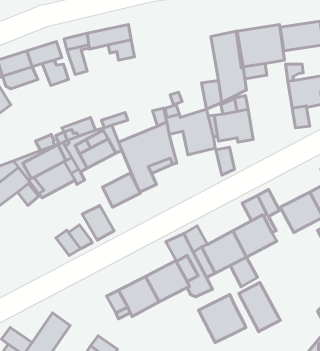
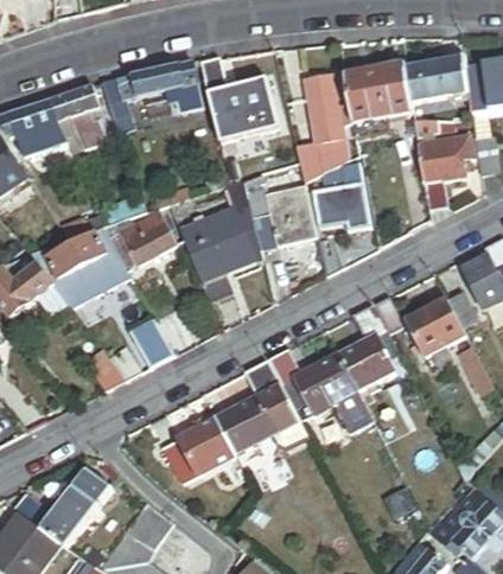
building: none -> [200,60,278,135]
building: [103,173,141,207] -> none
building: [239,283,280,332] -> none
building: [198,294,246,343] -> none

